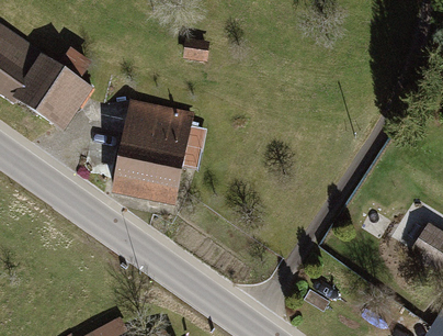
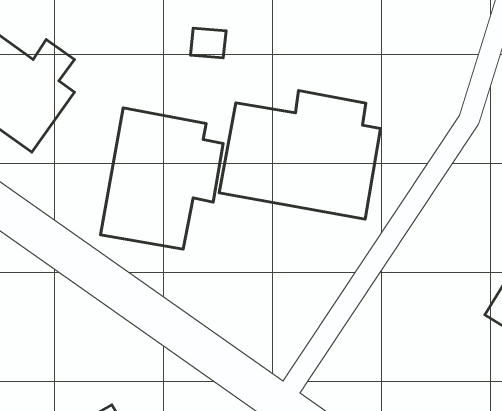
building: none -> [219,91,381,219]

